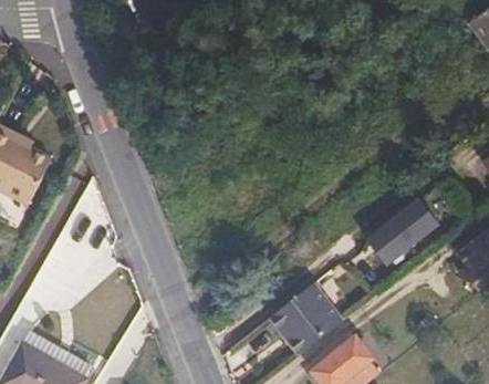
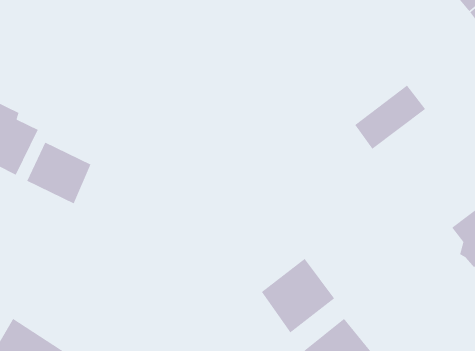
building: none -> [26,141,91,205]
building: [370,200,440,264] -> [354,84,426,150]

